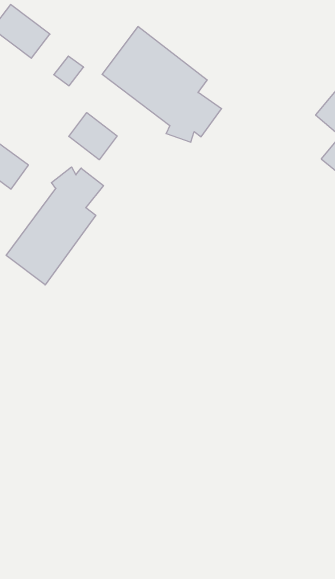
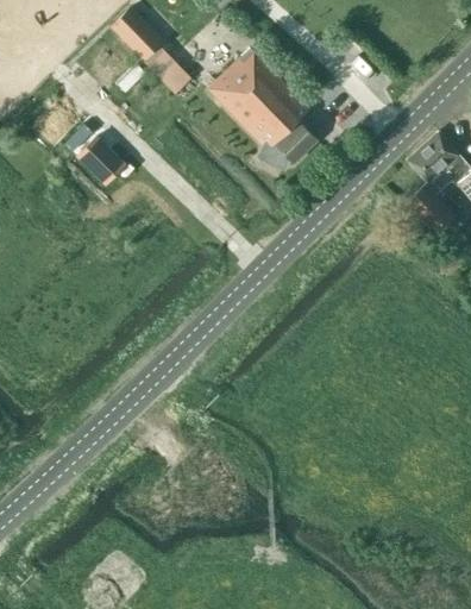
building: [69,113,117,160] -> none
building: [6,167,103,285] -> none

